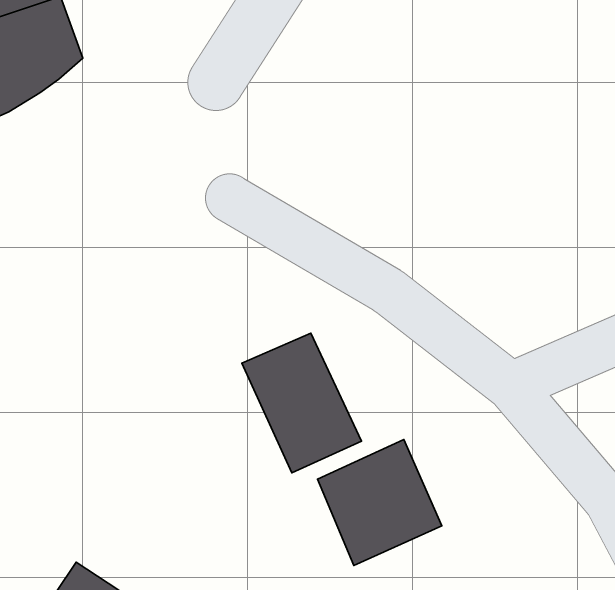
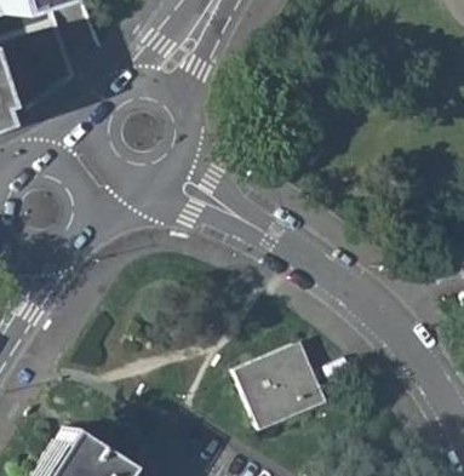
building: [242,333,362,473] -> none

